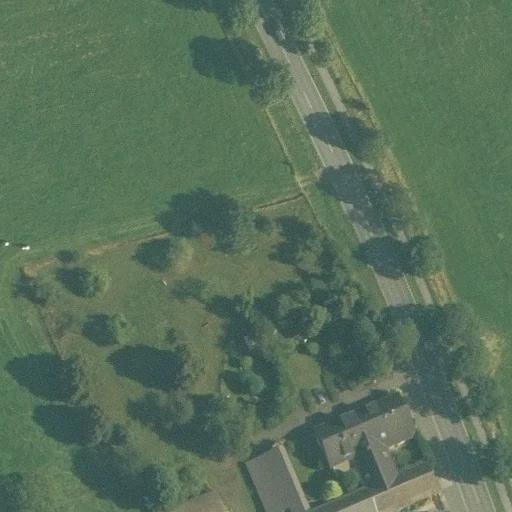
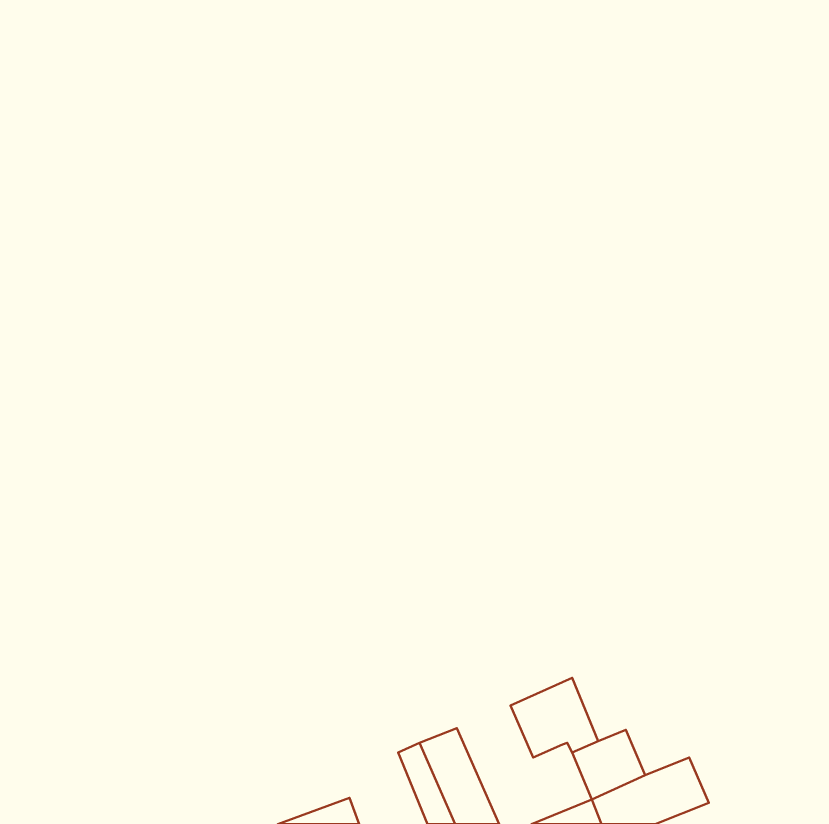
building: [352,398,412,456] -> none

